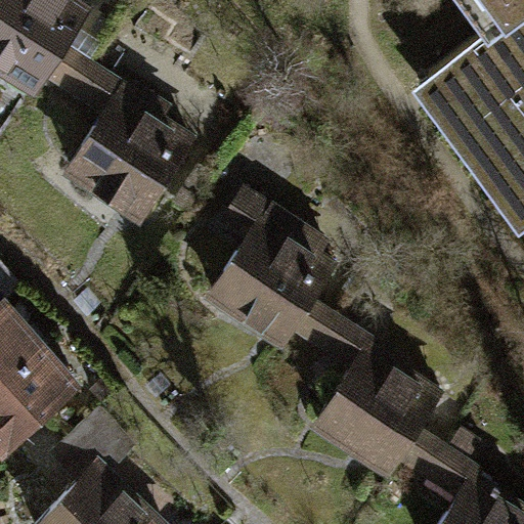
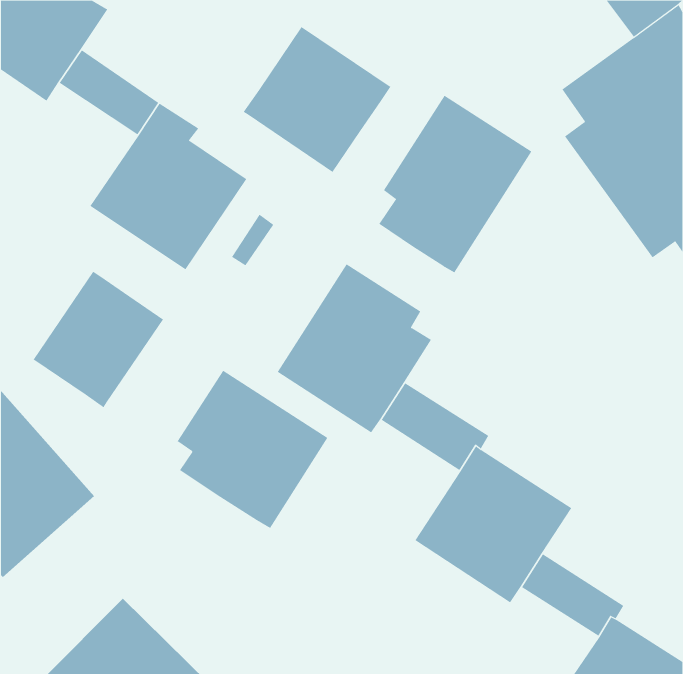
building: none -> [243,26,391,173]
building: none -> [379,95,532,273]
building: none -> [33,271,164,408]
building: none -> [177,370,328,529]

